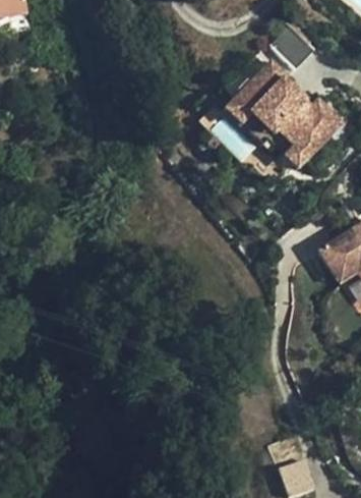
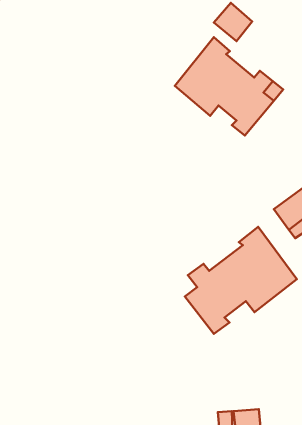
building: none -> [185,227,297,334]

